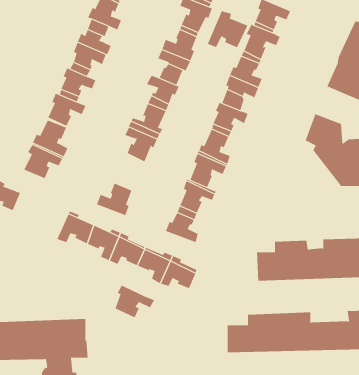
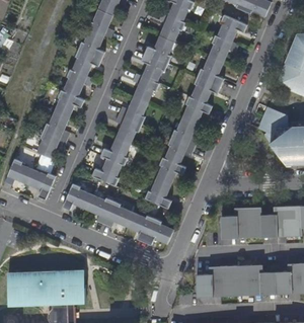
building: [207,11,248,48] -> none
building: none -> [100,140,131,167]
building: none -> [26,169,53,198]
building: [115,285,155,318] -> none

